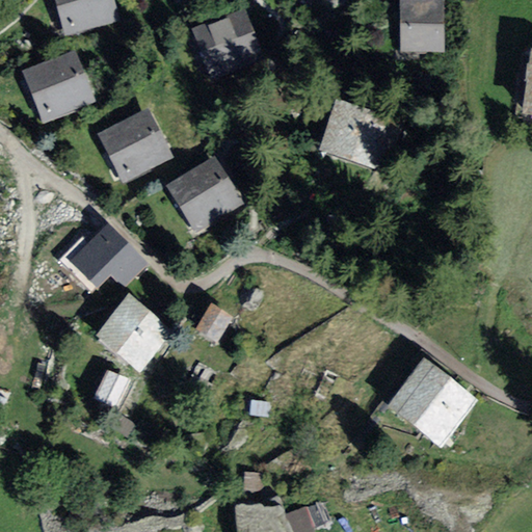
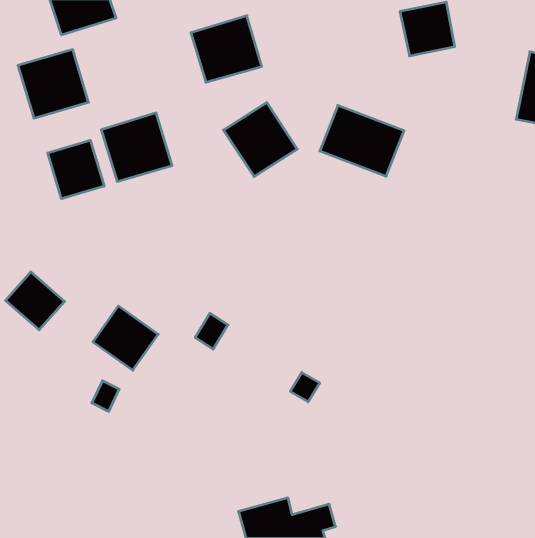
building: none -> [48,140,104,199]
building: [165,158,238,231] -> [223,103,297,177]
building: [81,232,139,289] -> [6,272,65,330]
building: [388,367,467,446] -> none

